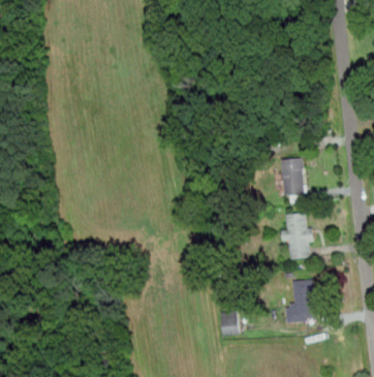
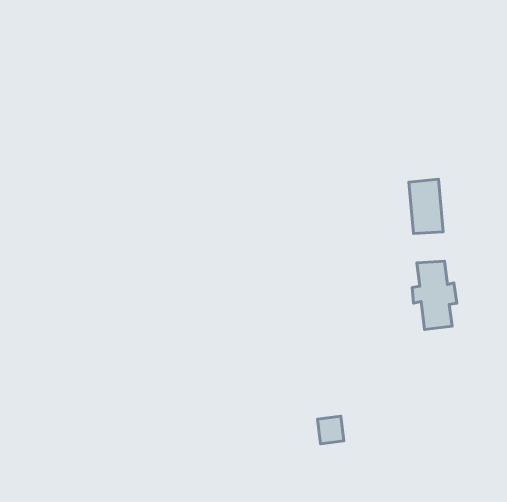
building: [286,279,316,321] -> none

